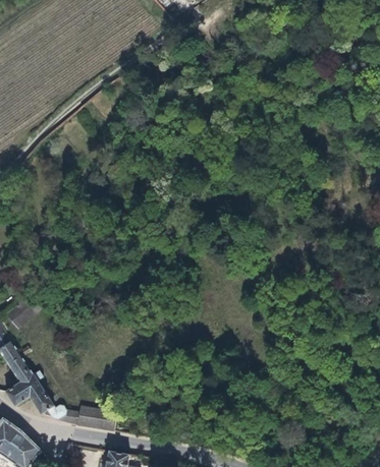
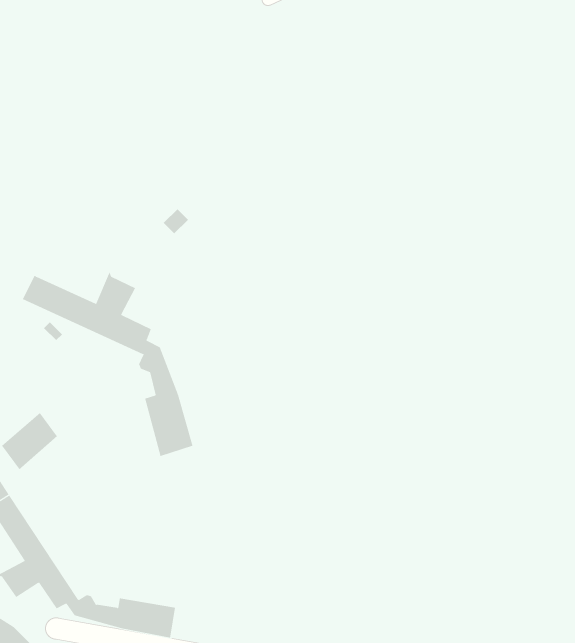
building: none -> [22,271,193,457]

